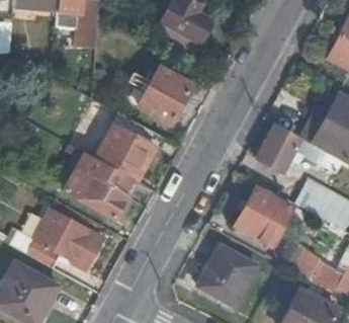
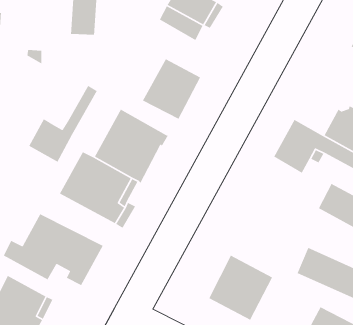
building: none -> [28,85,98,163]
building: [235,187,291,245] -> none

